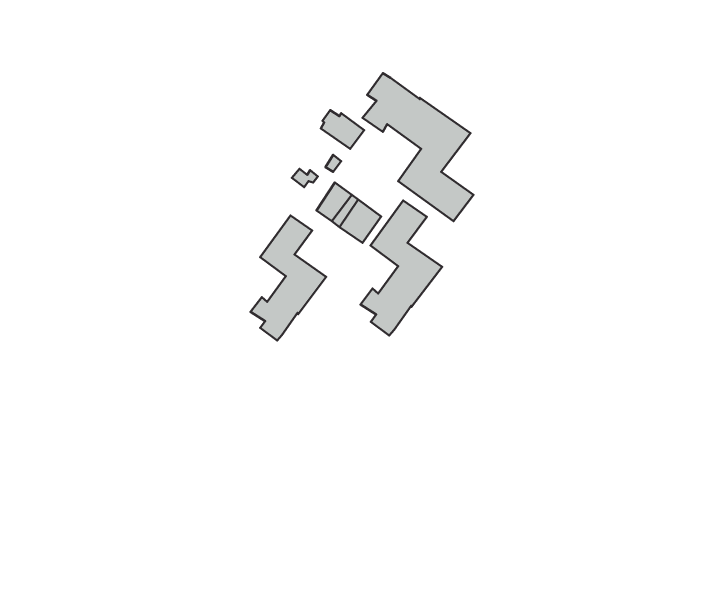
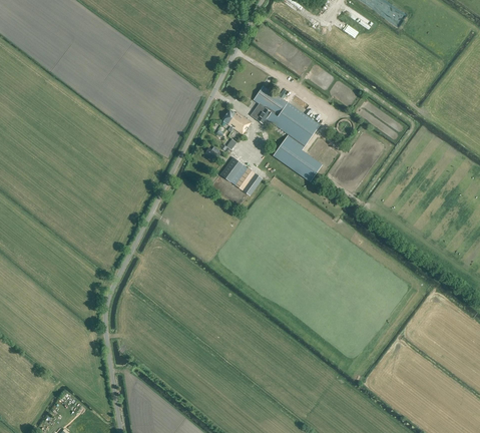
building: [360,201,442,335] -> none
building: [251,215,326,340] -> none

